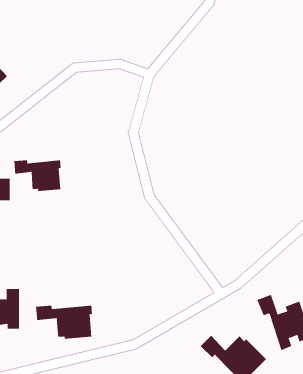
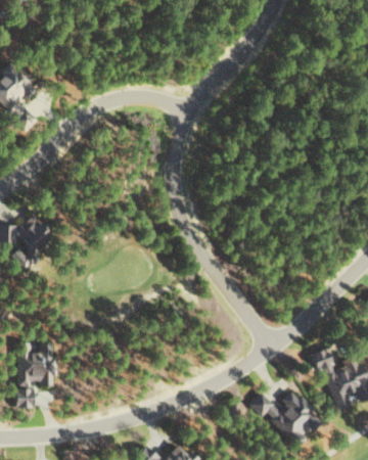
building: [14,159,61,192] -> none
building: [36,305,93,340] -> none

